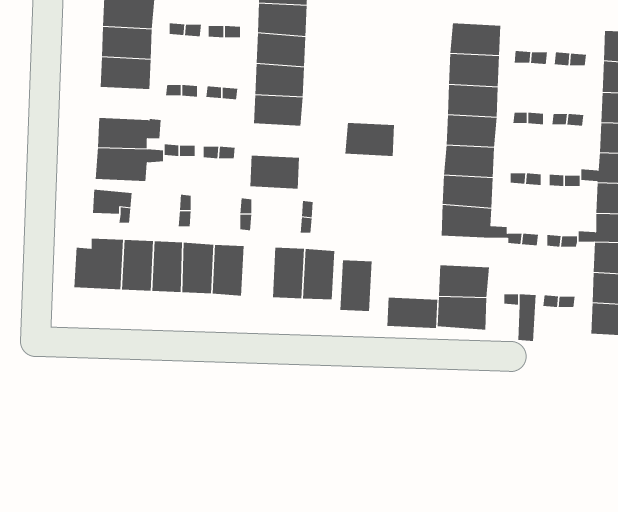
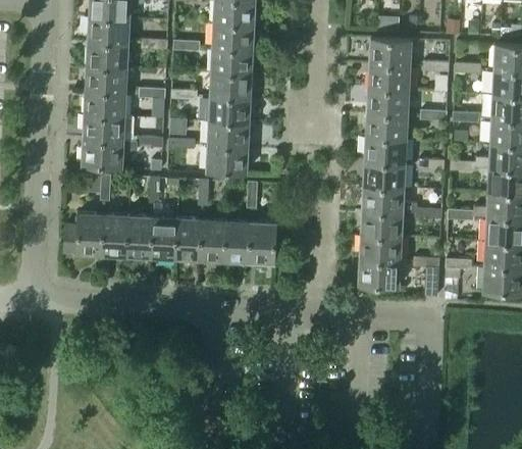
building: none -> [85,91,126,117]
building: [345,122,395,156] -> [208,120,249,148]
building: [340,260,372,311] -> [201,219,227,261]
building: [386,297,438,329] -> [361,211,403,237]

